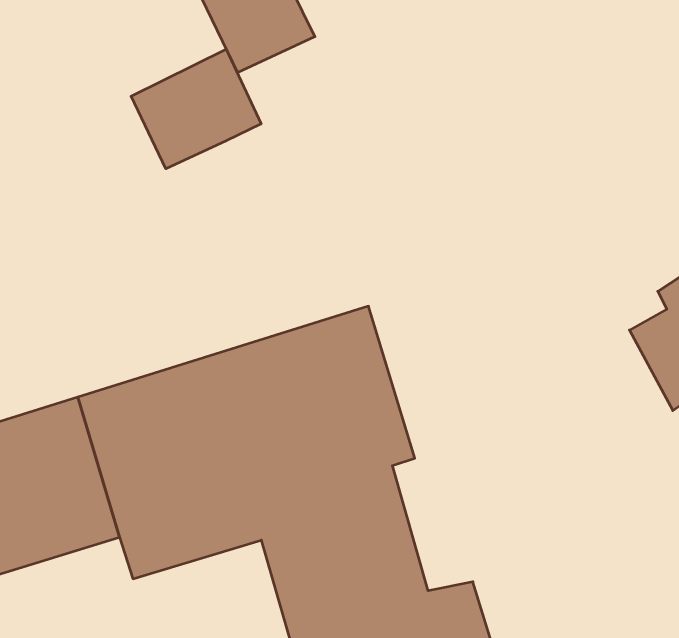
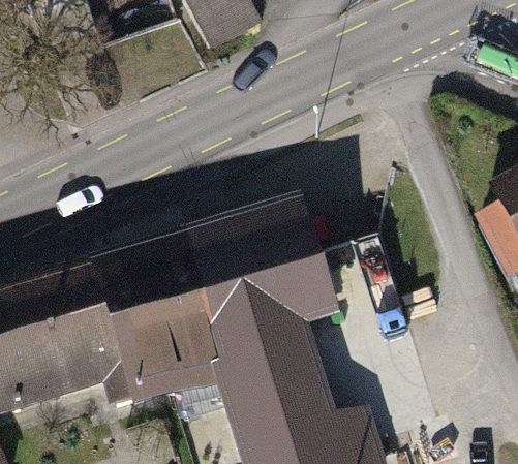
building: [131,49,261,169] -> none

